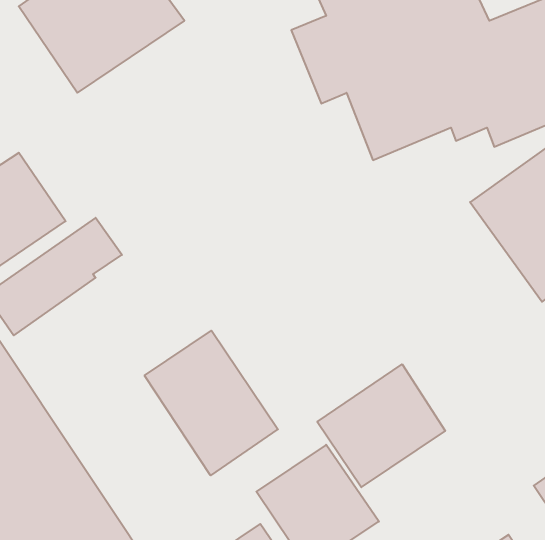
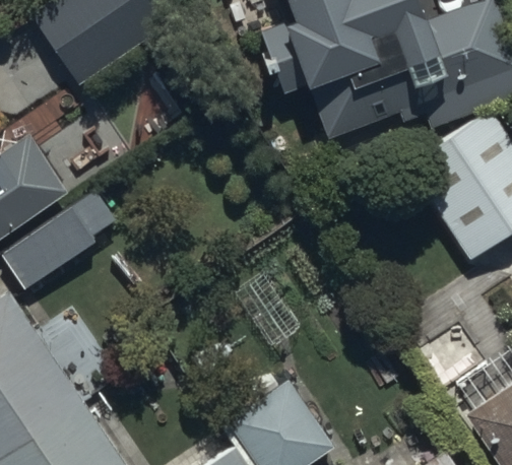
building: [145,331,278,475] -> none
building: [317,364,445,487] -> none

